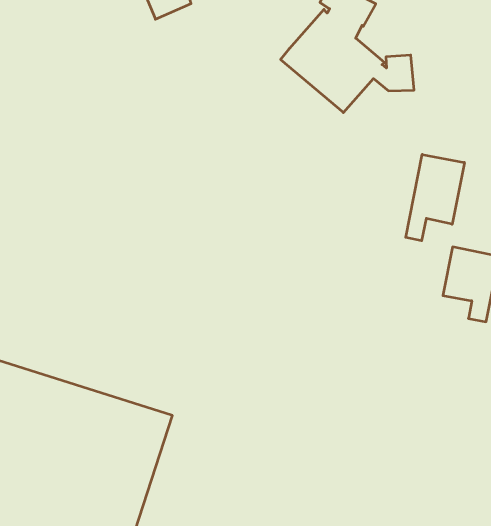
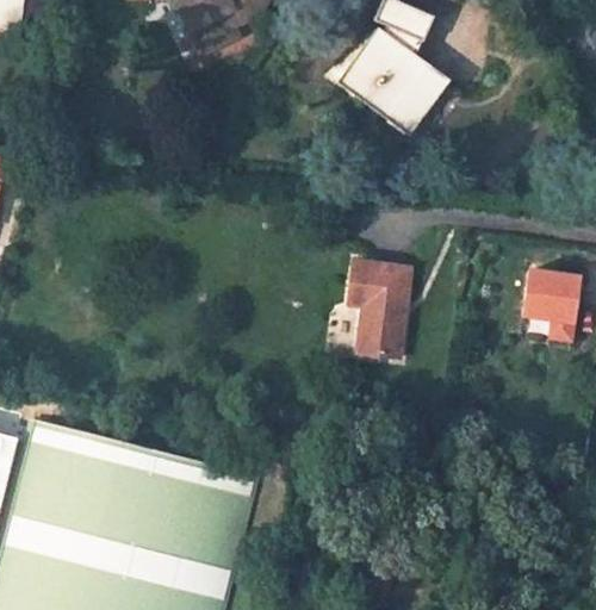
building: [406,154,464,241] -> none
building: none -> [353,262,412,353]

